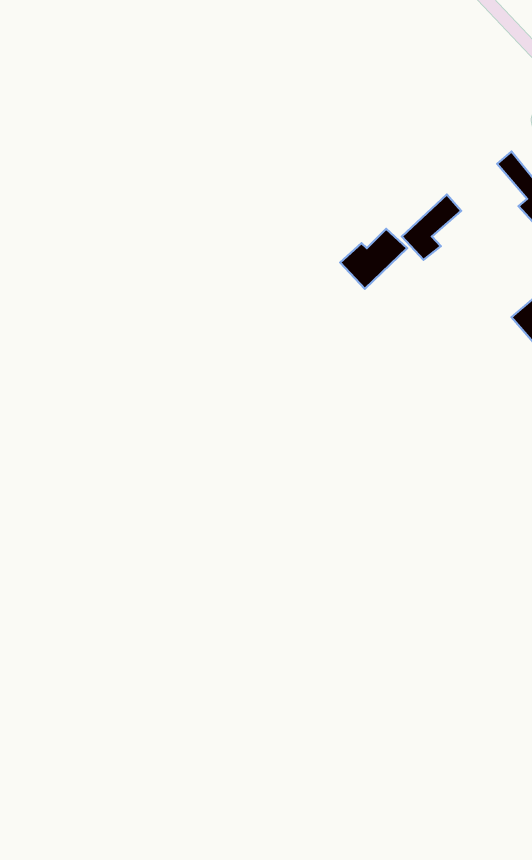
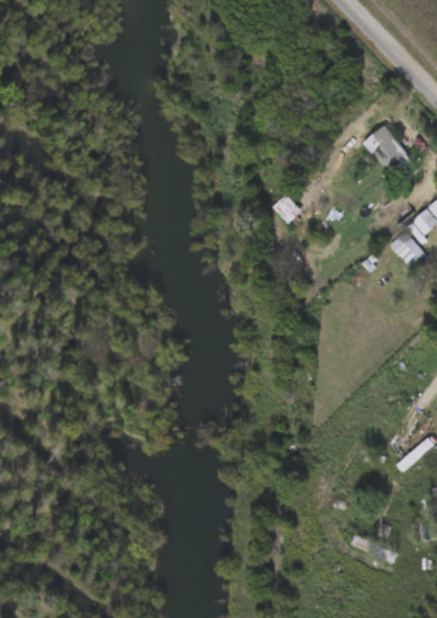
building: [402,195,461,260] -> none

